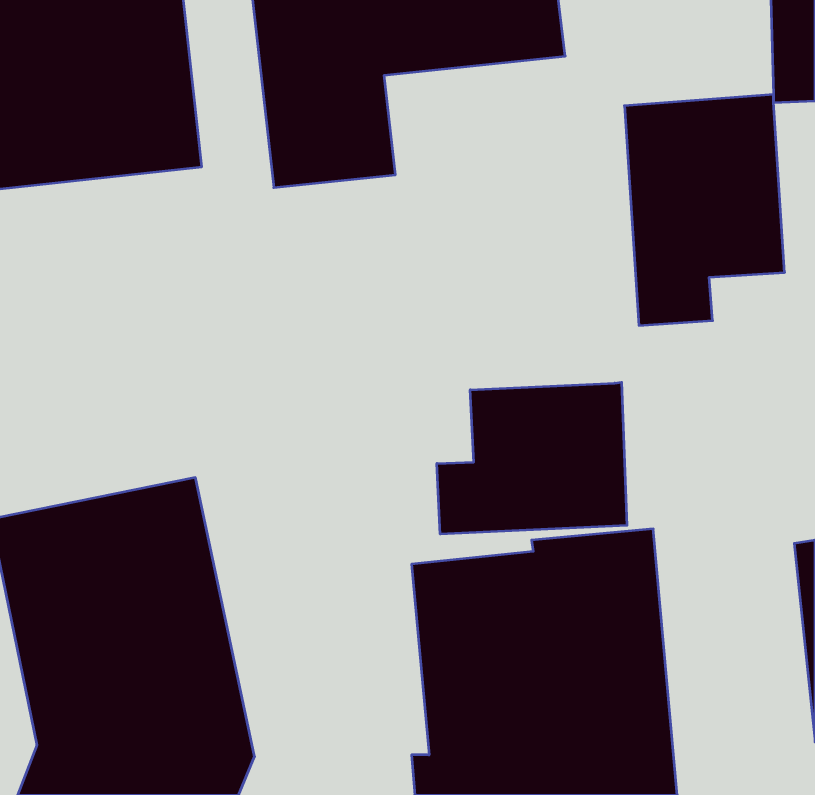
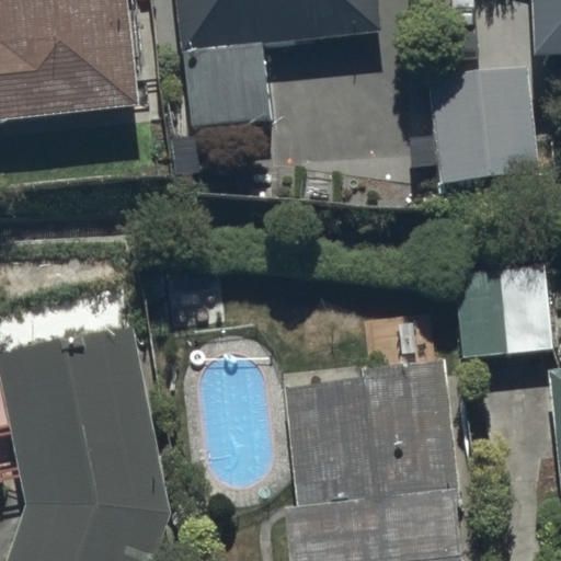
building: [437,382,627,534] -> none
building: none -> [454,263,552,355]

